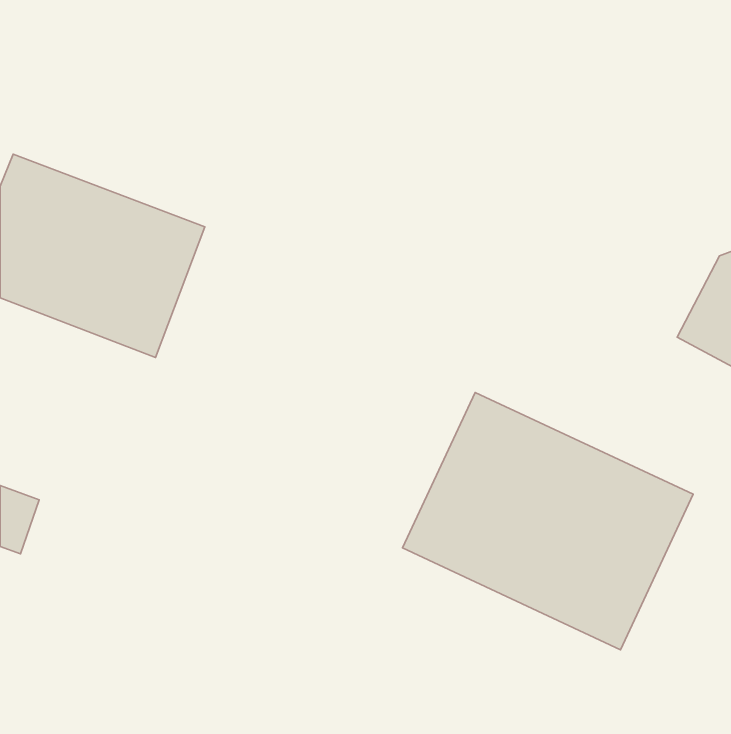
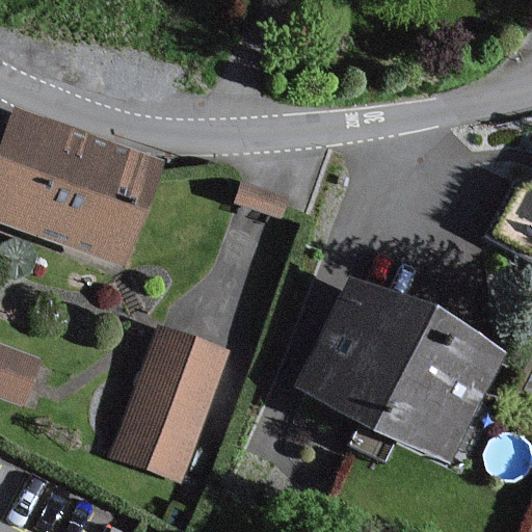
building: none -> [125,329,220,468]

